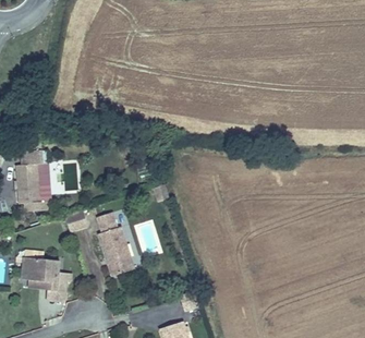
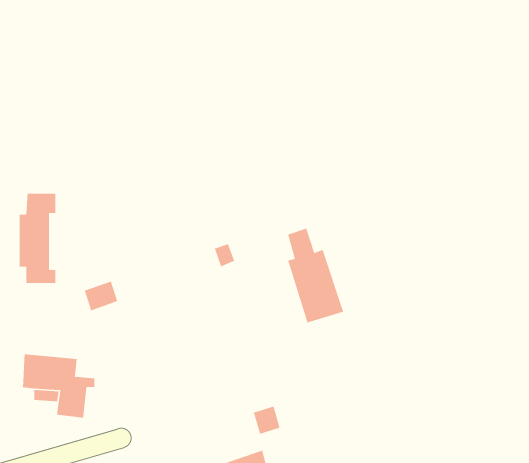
building: [100,213,138,277] -> [287,228,344,323]

